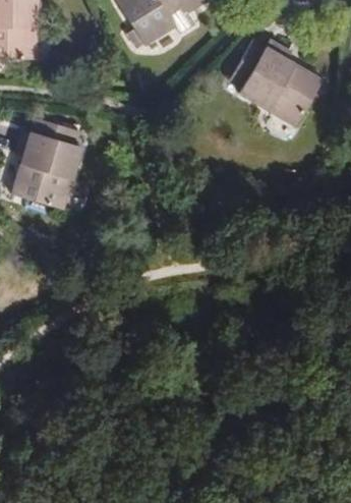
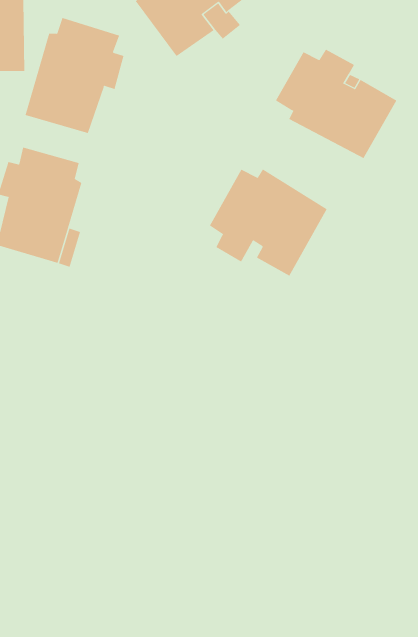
building: none -> [25,17,124,134]
building: none -> [209,168,328,276]

